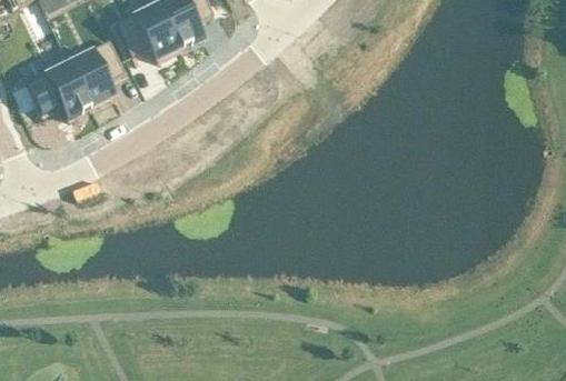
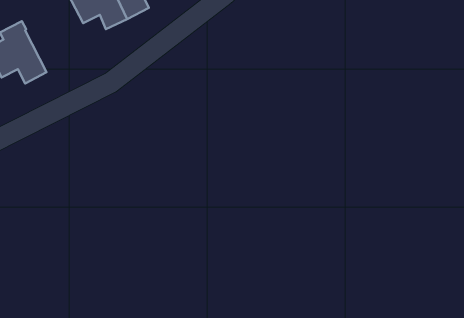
building: [63,40,120,108] -> none

